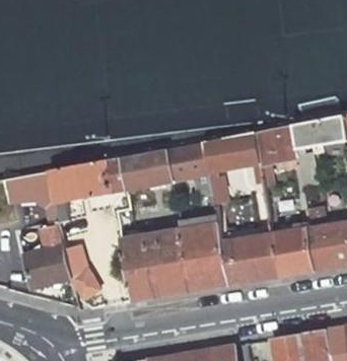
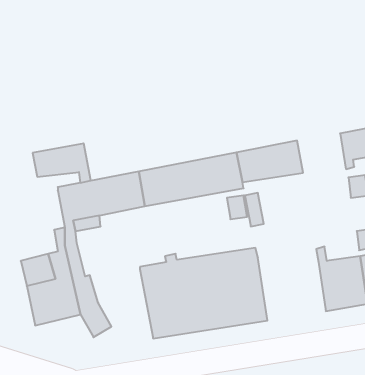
building: [255,125,297,186] -> none
building: [7,173,57,207] -> [33,143,91,183]
building: [221,228,279,284] -> none

